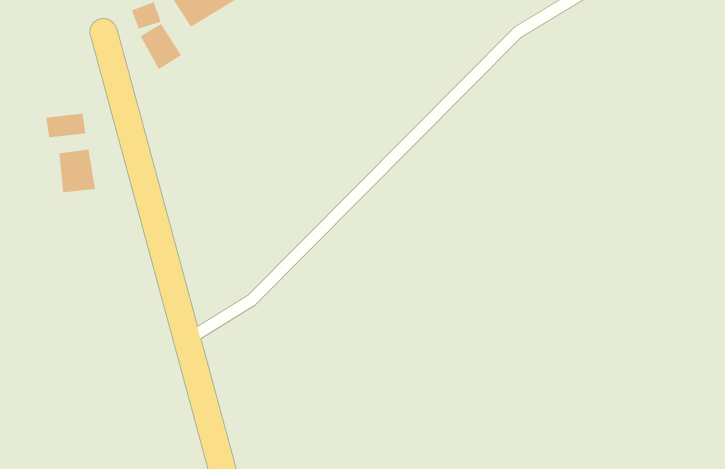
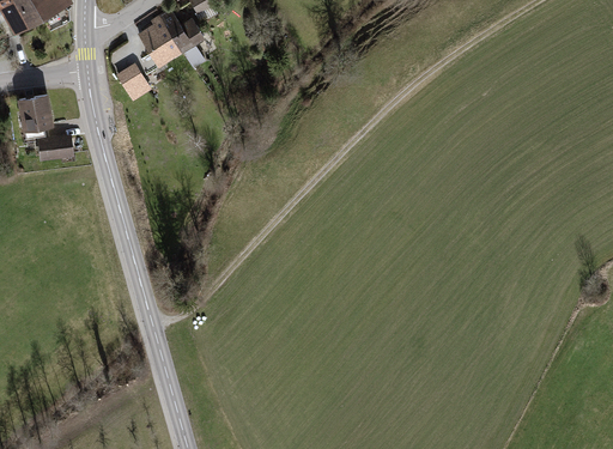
building: none -> [19,95,51,129]
building: [59,149,95,193] -> none

